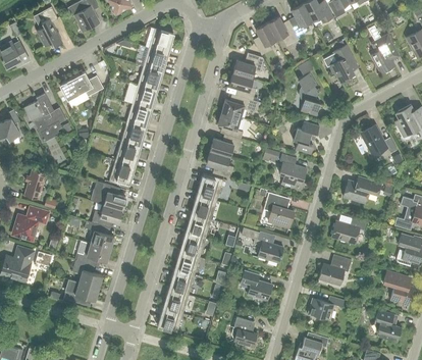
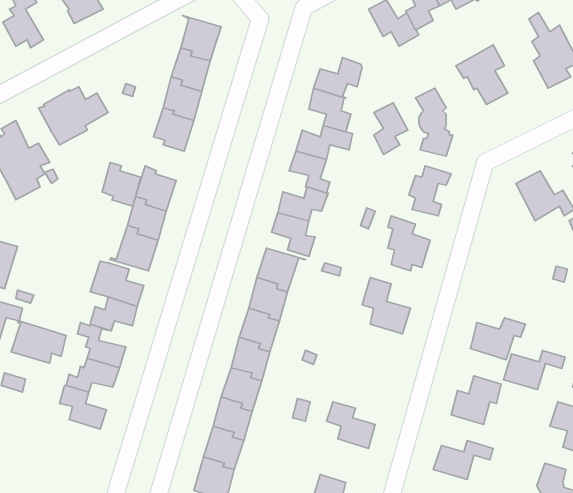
building: [255,22,276,55] -> [374,103,408,154]
building: [126,103,151,131] -> [102,163,141,206]
building: [342,178,381,203] -> [504,351,565,389]
building: [241,227,282,262] -> none
building: [63,278,98,305] -> [11,321,66,363]

